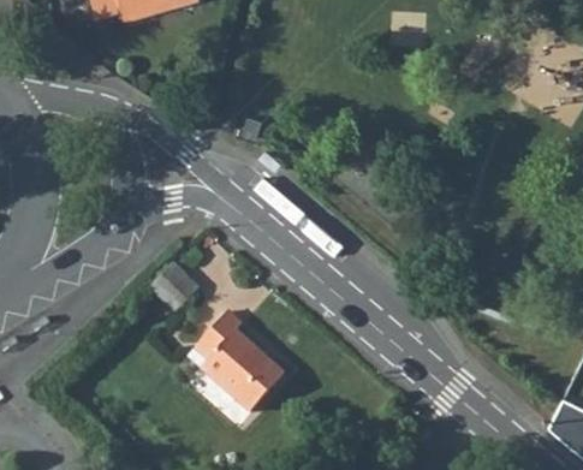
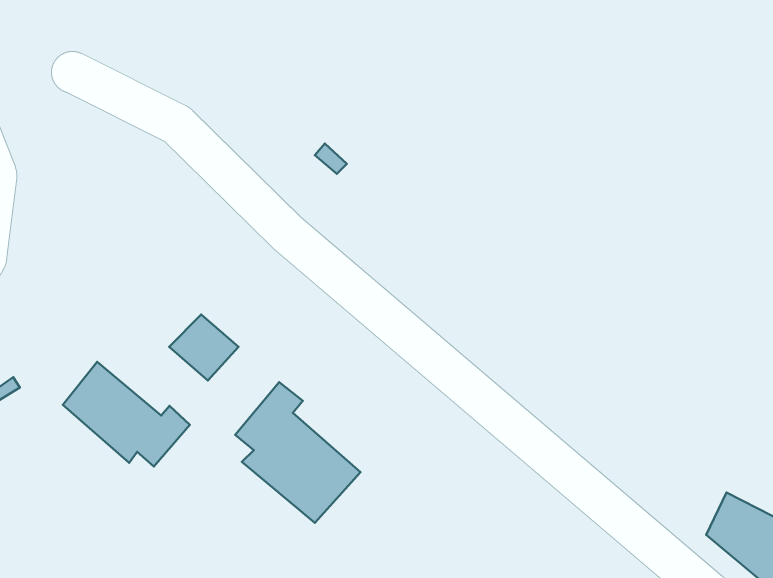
building: none -> [63,362,190,467]

